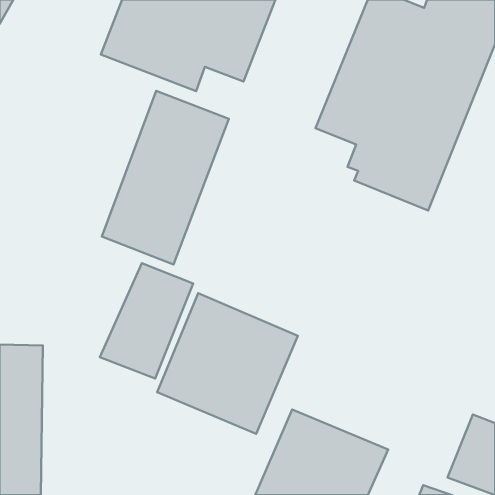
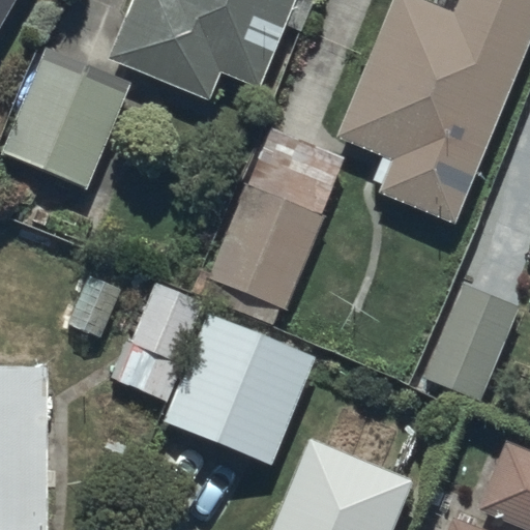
building: none -> [4,52,131,190]
building: [102,91,229,265] -> [207,128,343,314]
building: none -> [426,284,519,399]

